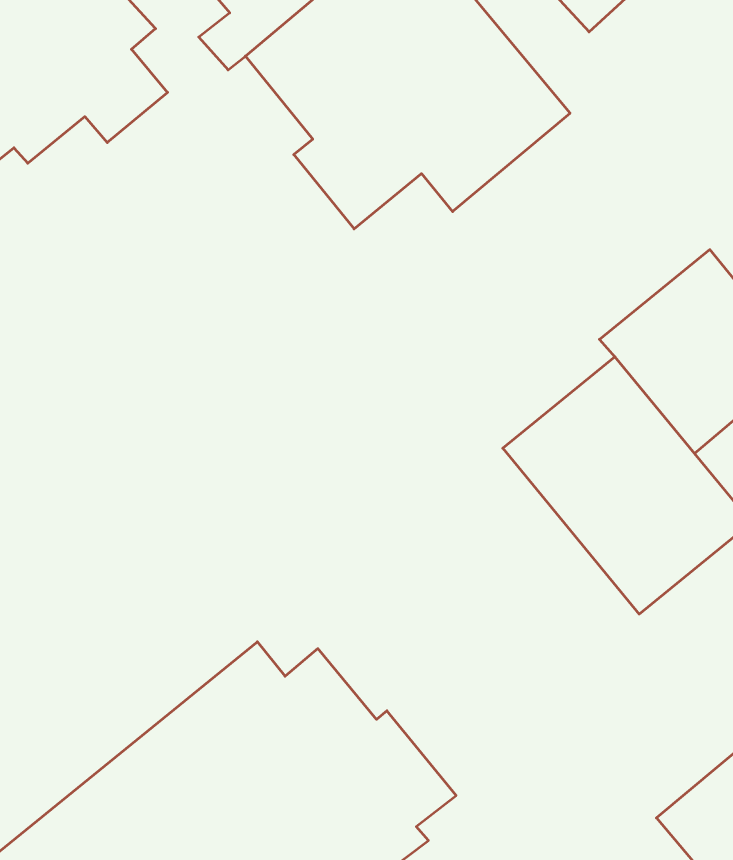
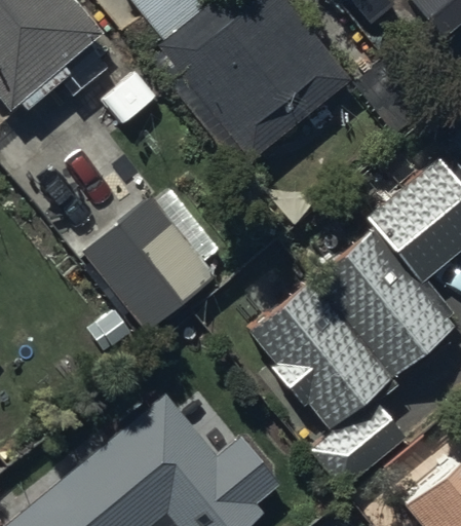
building: none -> [82,194,216,330]
building: none -> [247,278,409,492]

